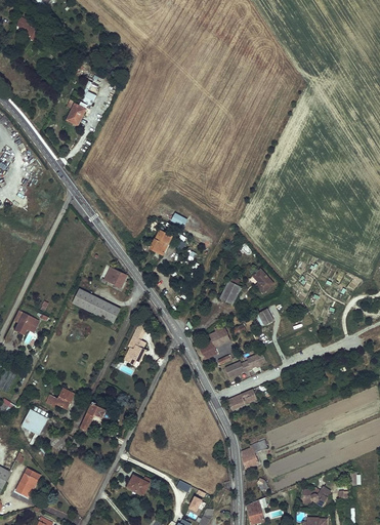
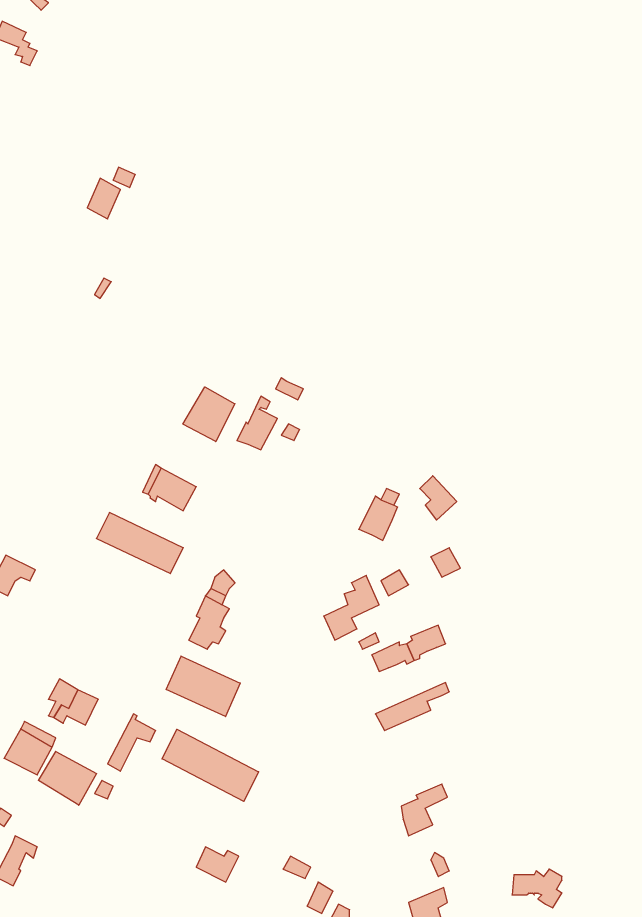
building: none -> [183,387,235,442]
building: none -> [166,656,240,717]
building: none -> [162,729,259,801]
building: none -> [38,751,97,805]

